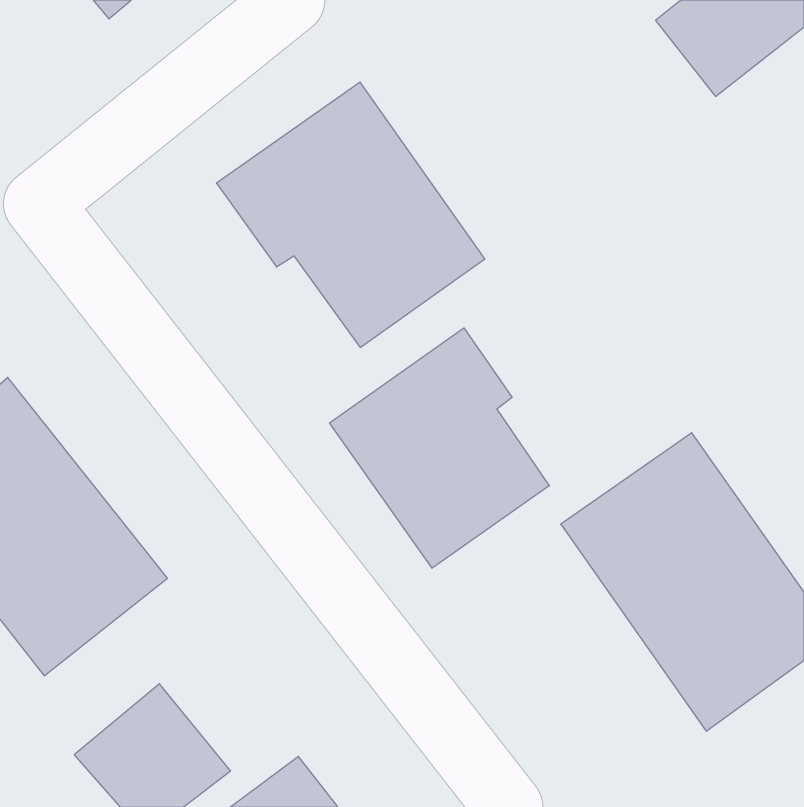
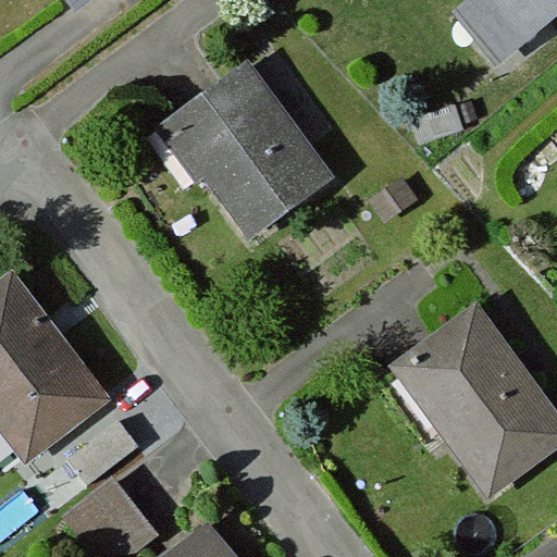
building: [330,328,549,568] -> none

